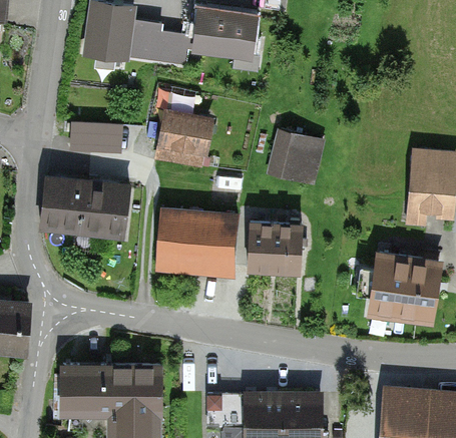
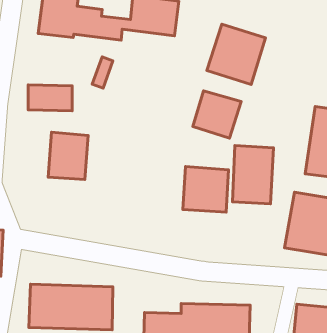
building: none -> [207,24,266,85]
building: [157,107,218,166] -> none
building: [43,176,92,234] -> none
building: none -> [232,146,274,204]
building: [157,205,239,277] -> none

